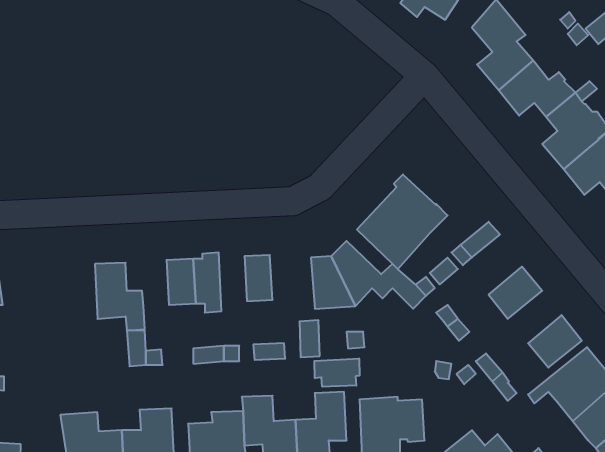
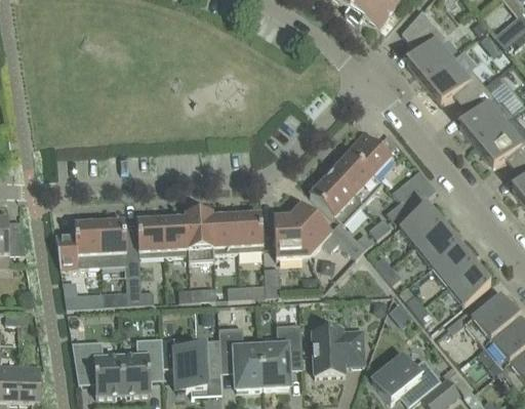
building: none -> [347,131,391,174]
building: none -> [399,204,442,246]
building: none -> [199,211,221,259]
building: none -> [240,213,262,250]
building: none -> [136,218,159,255]
building: none -> [54,221,102,268]
building: none -> [431,243,474,285]
building: none -> [63,281,103,306]
building: [314,358,359,387] -> none

